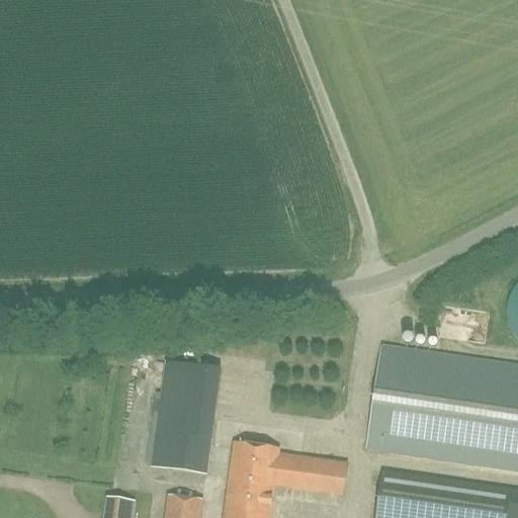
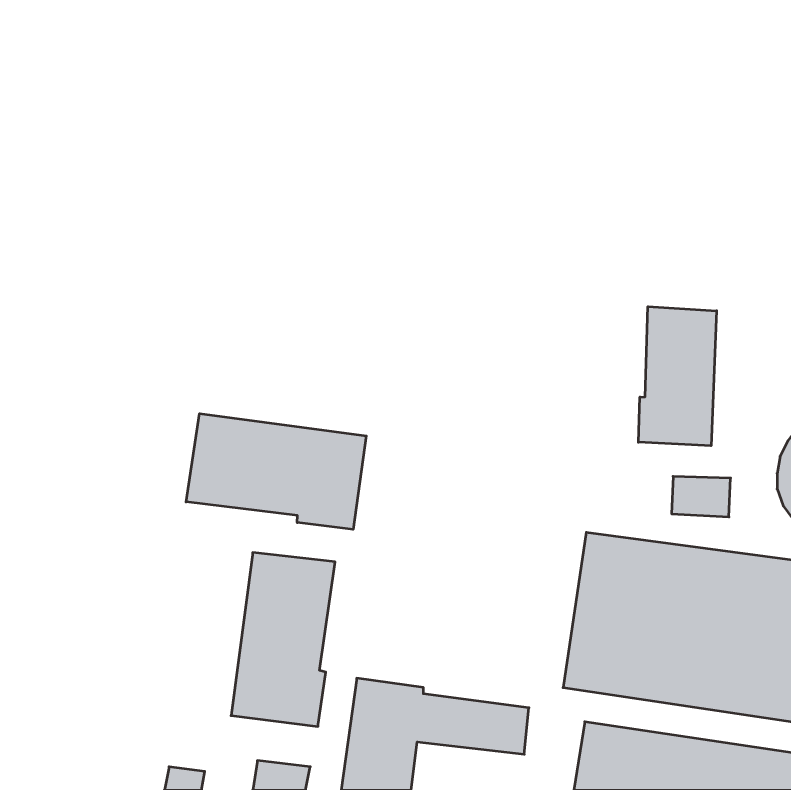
building: none -> [638,307,717,446]
building: none -> [186,414,366,529]

